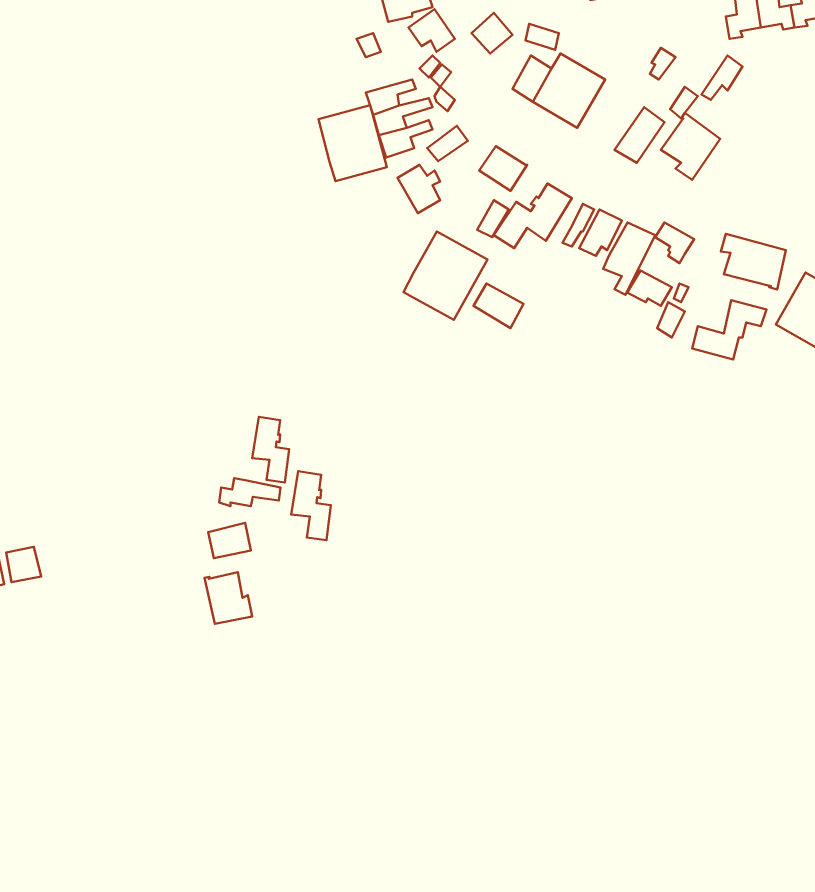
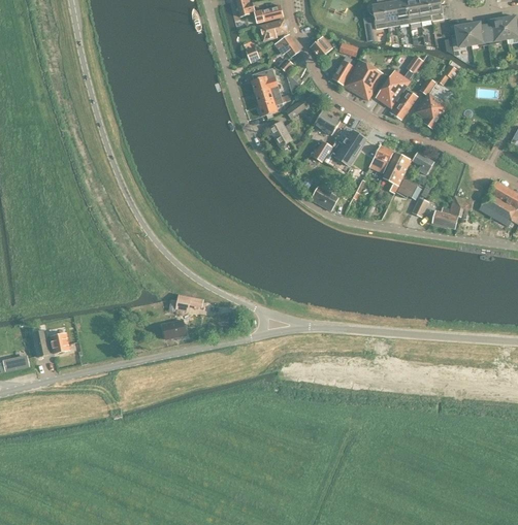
building: none -> [376,69,410,107]
building: [319,105,387,181] -> none
building: [403,232,487,320] -> none
building: [721,234,786,290] -> none
building: [252,417,289,483] -> none
building: [291,471,331,540] -> none
building: [204,572,252,624] -> none

